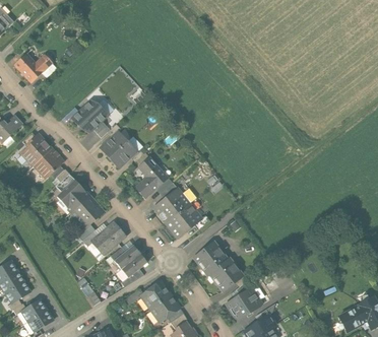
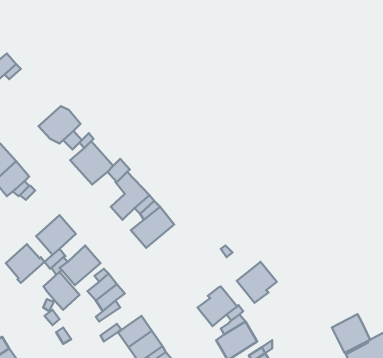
building: [56,179,89,212] -> [6,244,44,283]
building: [165,202,201,238] -> none
building: [193,240,228,275] -> [237,262,277,303]
building: none -> [43,272,79,310]
building: none -> [332,314,370,353]

